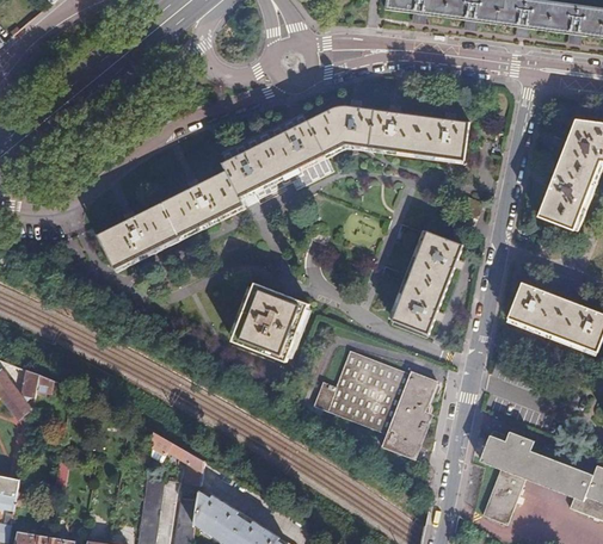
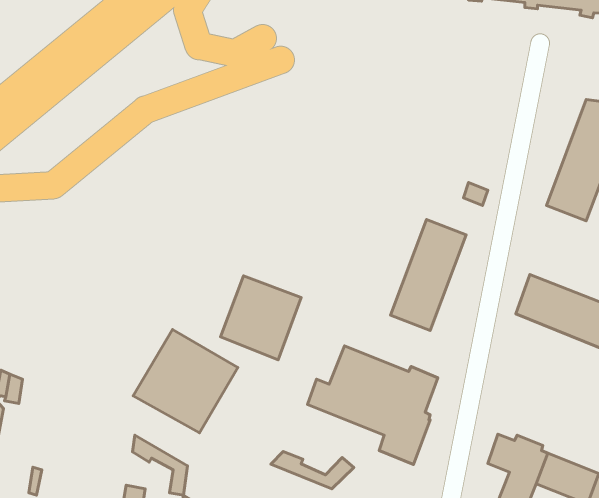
building: [98,105,468,268] -> none
building: none -> [133,329,238,433]
building: none -> [271,452,354,489]

